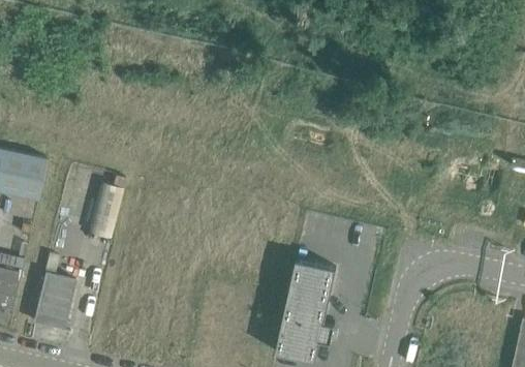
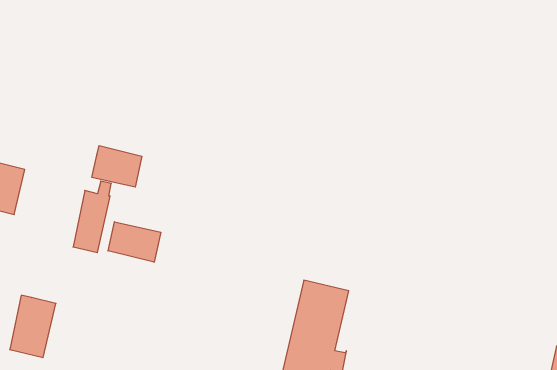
building: none -> [92,146,142,187]
building: none -> [108,222,161,262]

